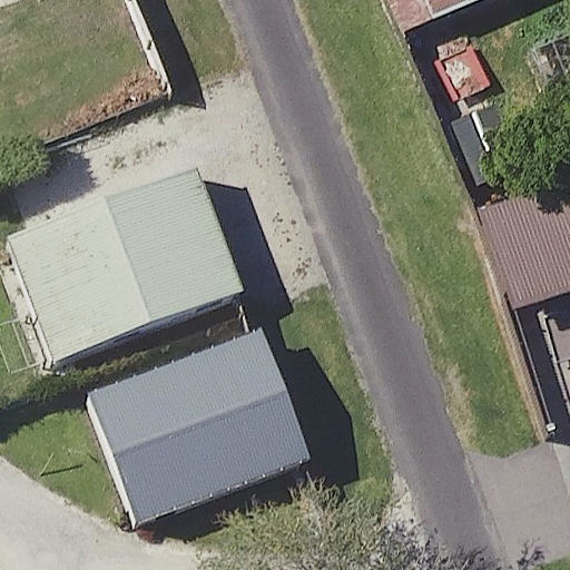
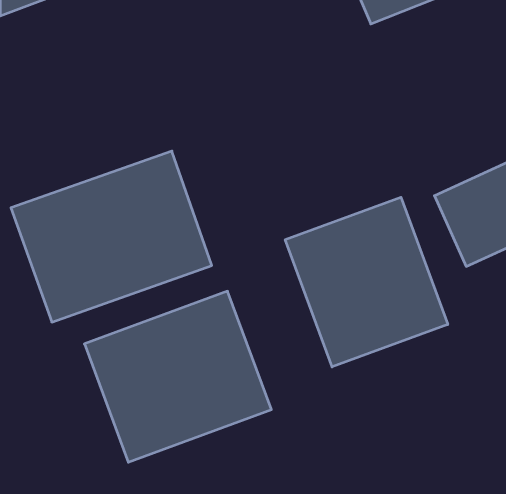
building: none -> [285,197,448,367]

